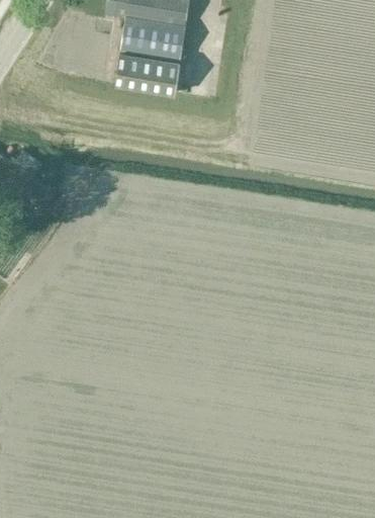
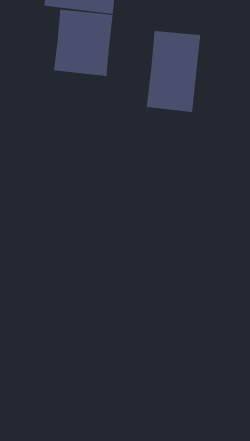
building: none -> [146,30,201,113]

